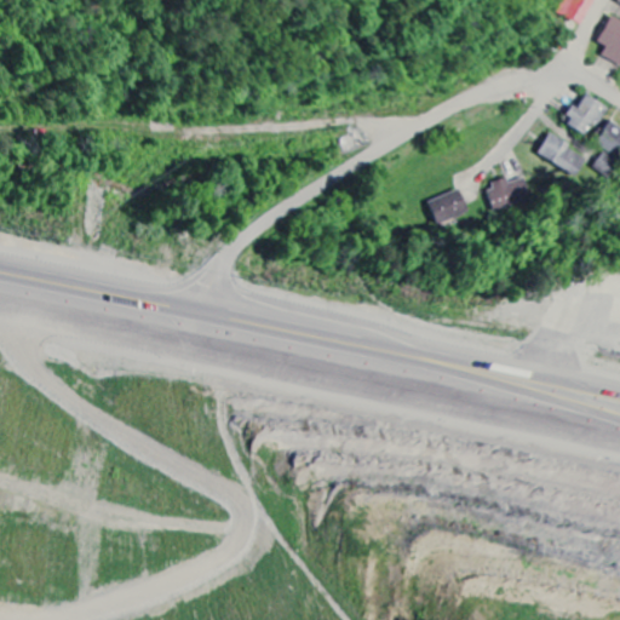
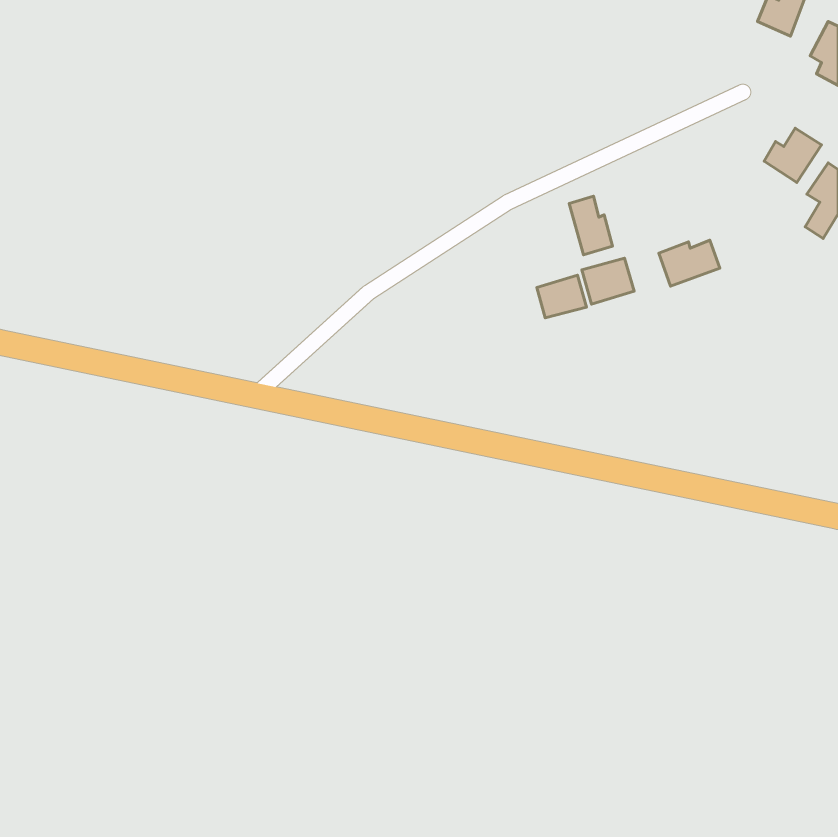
building: [536,136,587,174] -> none
building: none -> [569,196,612,255]
building: none -> [537,275,587,318]

